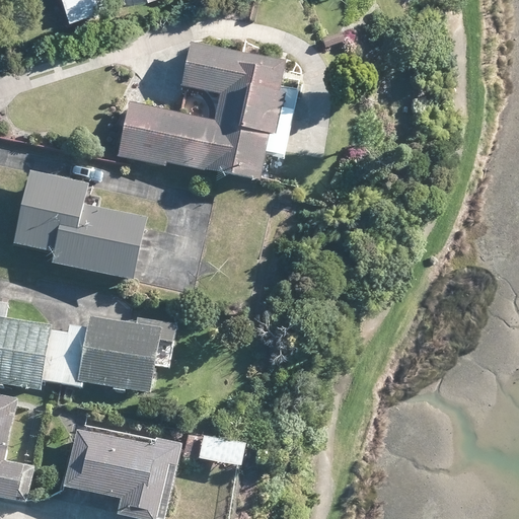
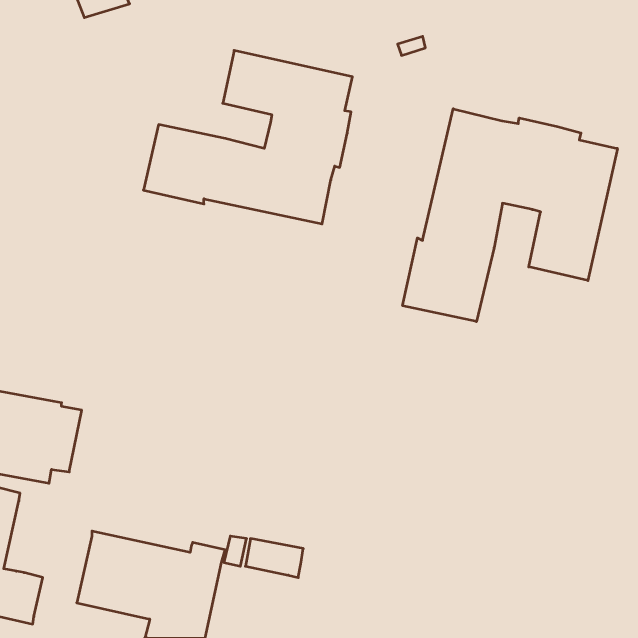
building: none -> [403,109,617,322]
building: [12,170,147,281] -> none
building: [56,314,175,392] -> none

